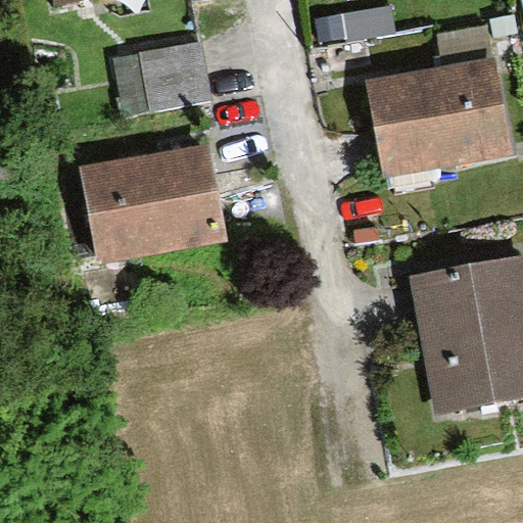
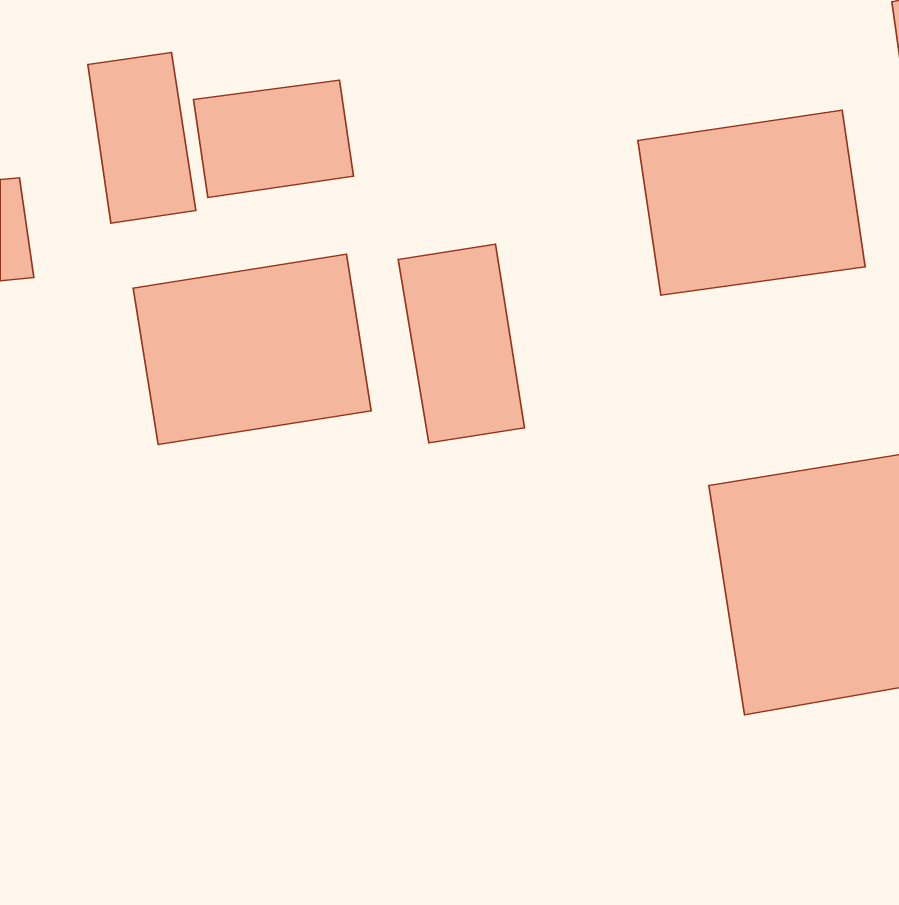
building: none -> [88,53,196,223]
building: none -> [398,244,524,443]

